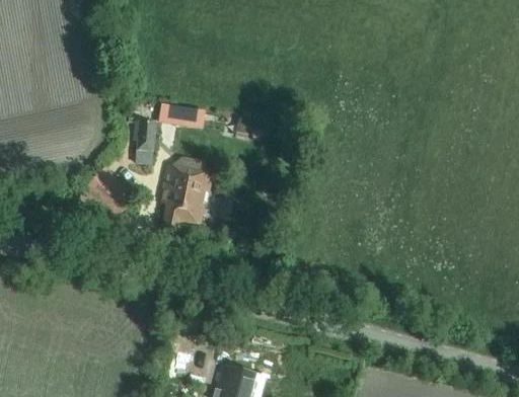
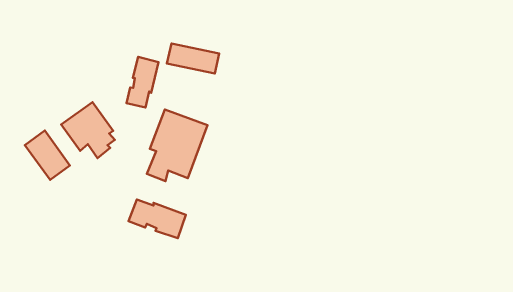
building: none -> [25,131,70,180]
building: none -> [129,199,186,238]

